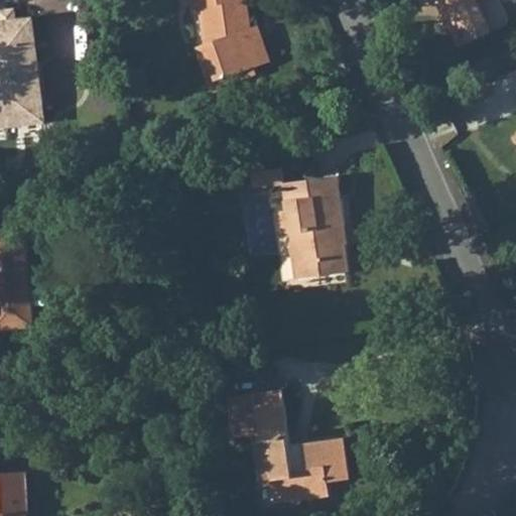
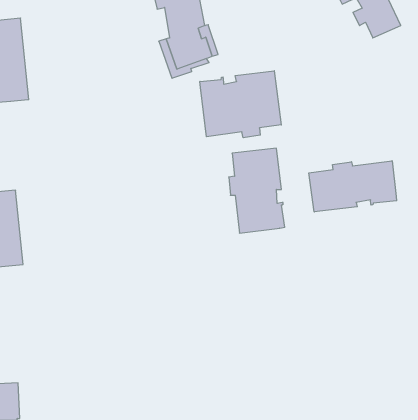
building: none -> [200,71,281,138]
building: none -> [309,161,397,212]
building: [234,387,347,499] -> none

